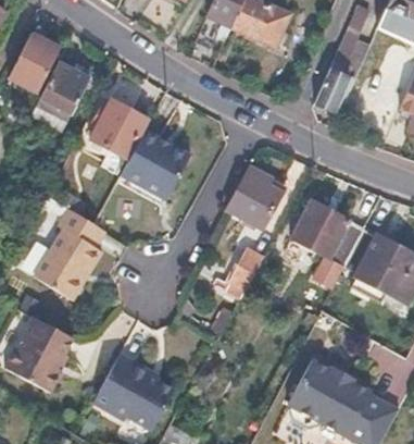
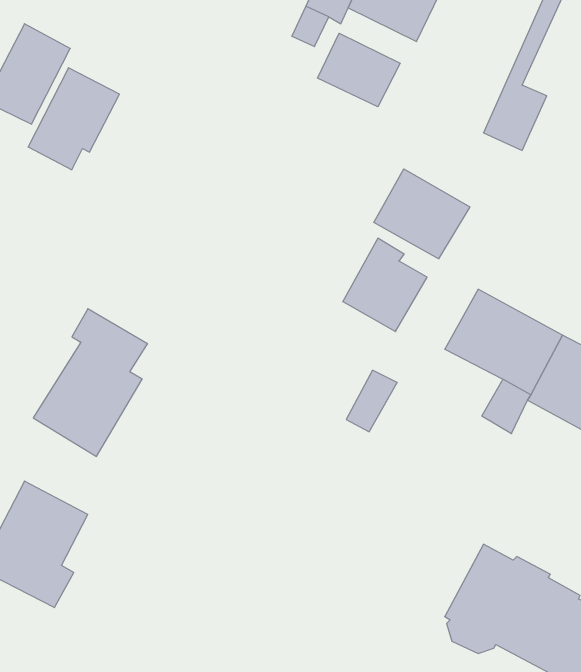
building: none -> [318,33,400,107]
building: [85,98,142,157] -> none
building: none -> [374,169,470,259]
building: [120,128,189,197] -> none
building: [92,355,173,430] -> none

